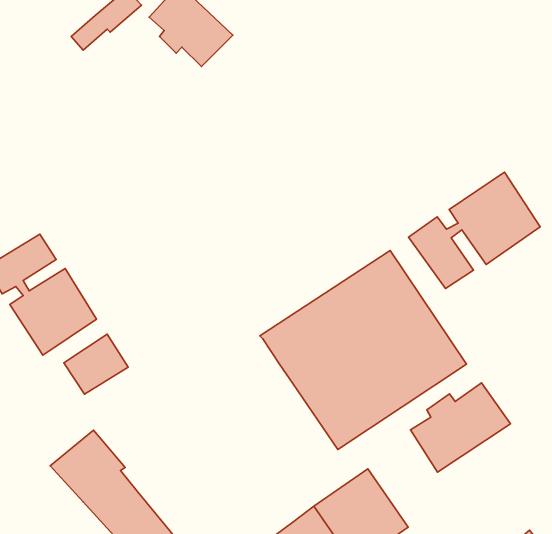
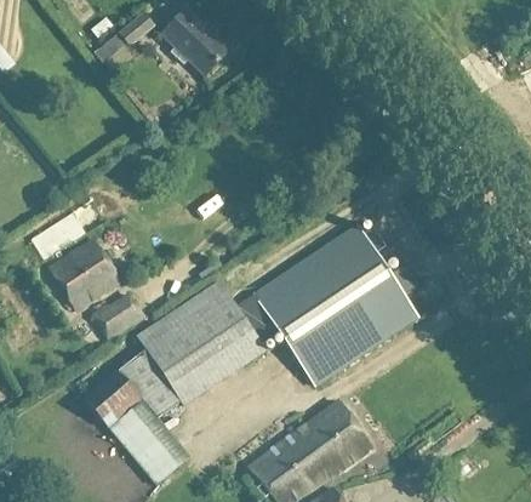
building: [409,172,540,289] -> none
building: none -> [116,281,278,418]
building: [411,383,511,472] -> none

